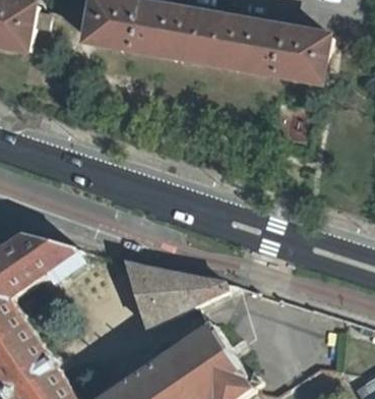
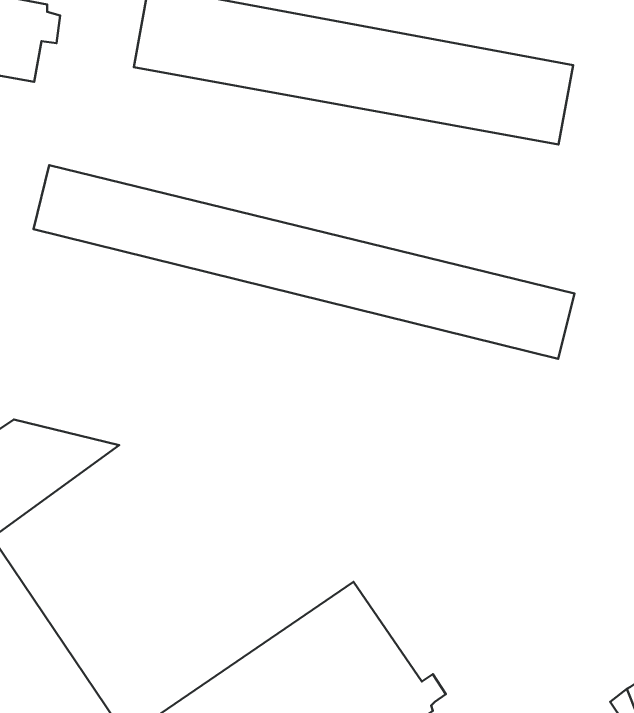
building: none -> [34,165,574,359]
building: [123,259,222,327] -> none

